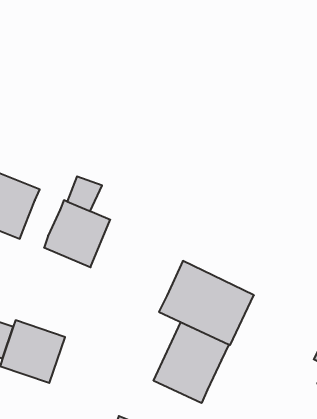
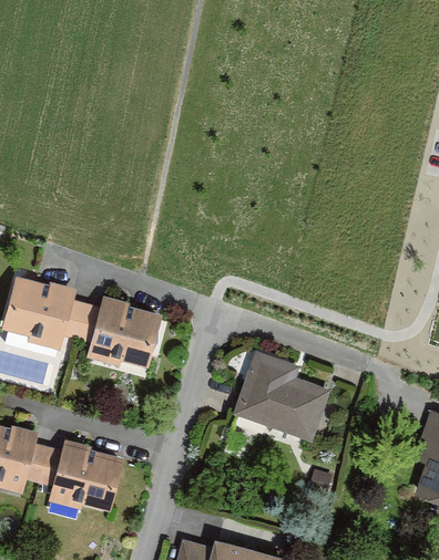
building: [67,176,102,211] -> [65,302,104,341]
building: [154,322,229,403] -> none

